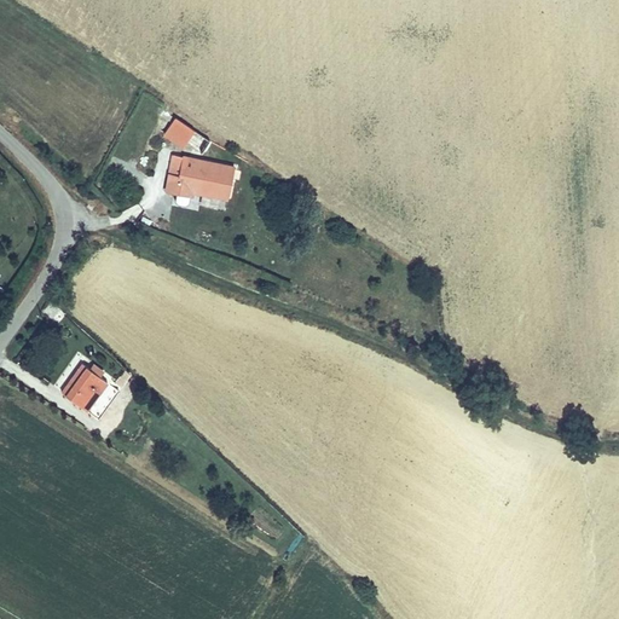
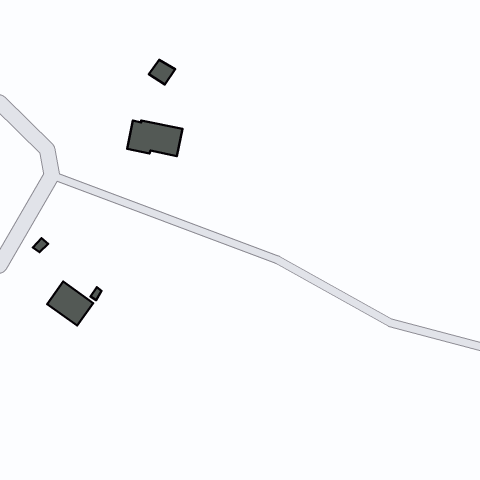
building: [161,118,195,150] -> [149,60,175,84]

